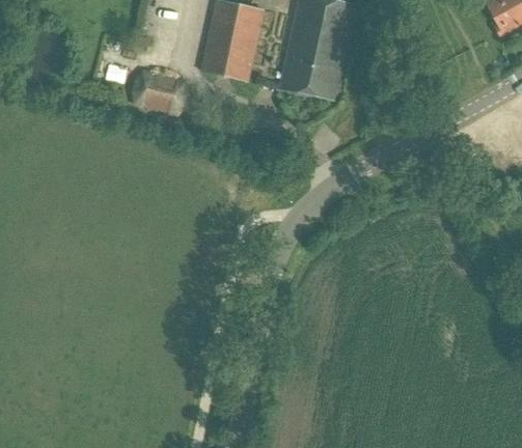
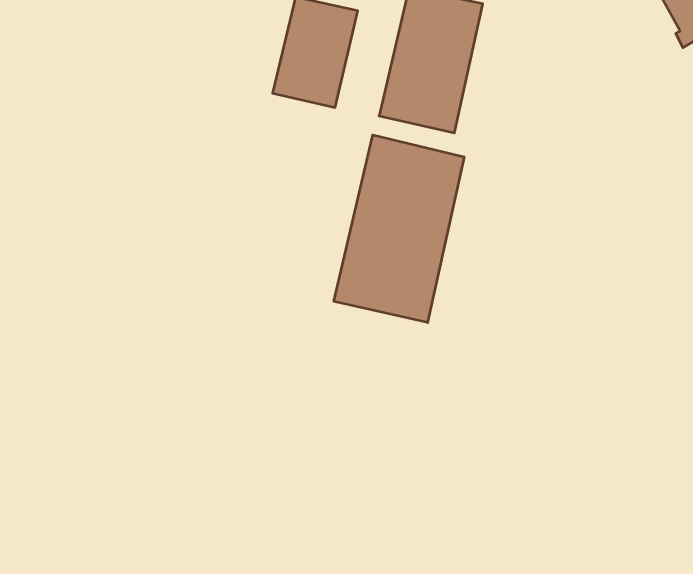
building: [132,69,189,113] -> none
building: none -> [334,135,464,323]

